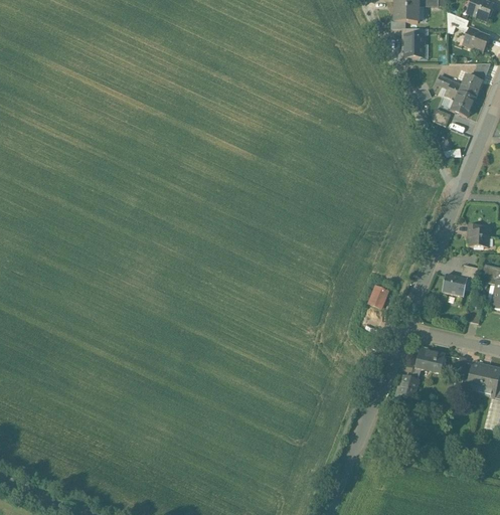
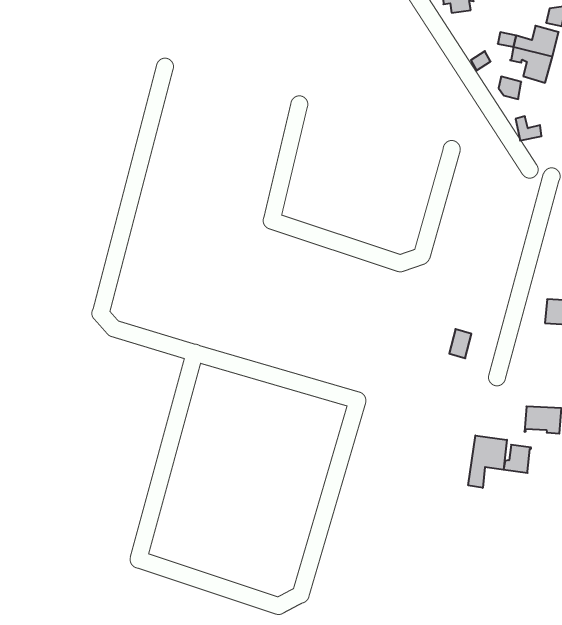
building: none -> [468,435,507,488]

